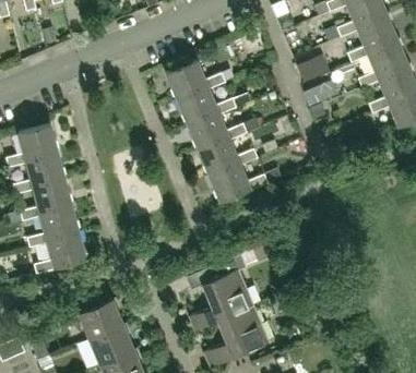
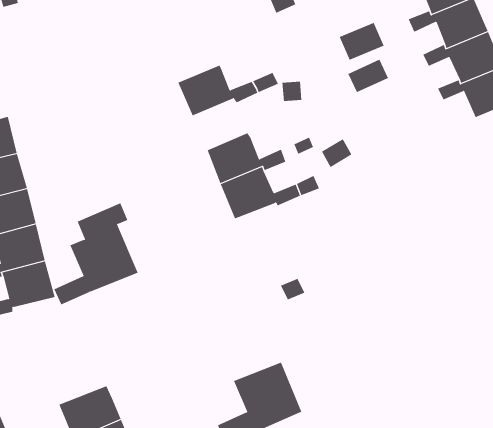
building: [165,60,225,99] -> none
building: [187,111,247,149] -> none
building: [190,254,253,330] -> [53,202,138,305]
building: [76,298,123,338] -> none

